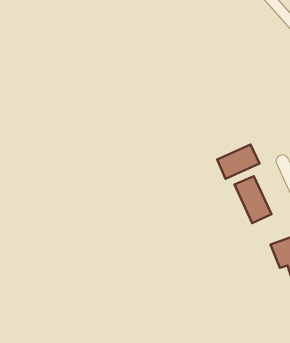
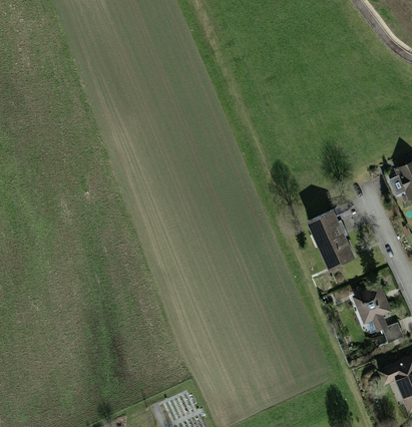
building: [217,145,260,179] -> none

